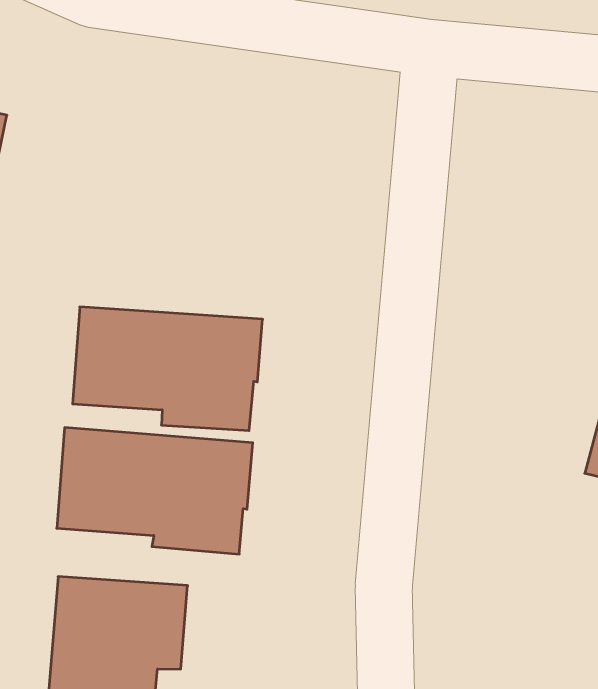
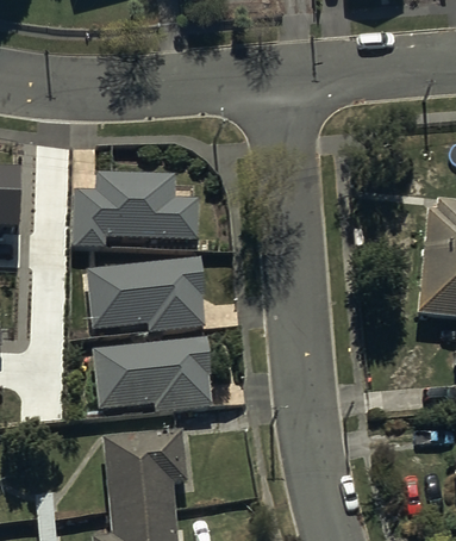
building: none -> [73,174,199,250]

